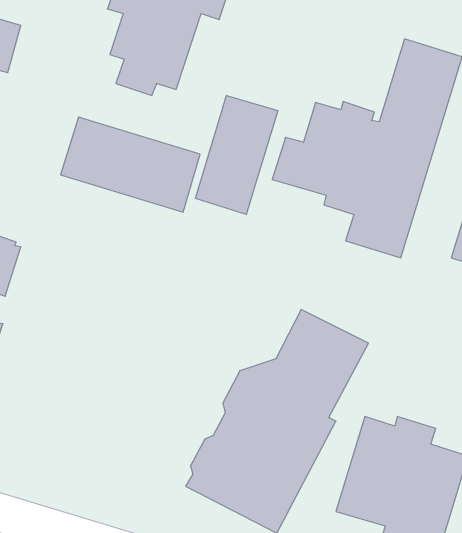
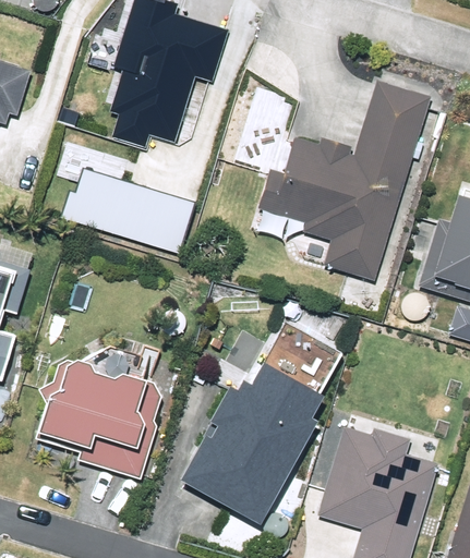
building: [195,95,278,215] -> none
building: none -> [37,350,161,482]

